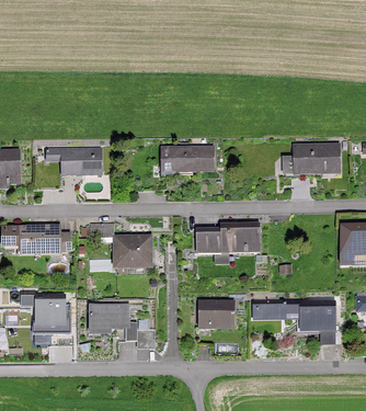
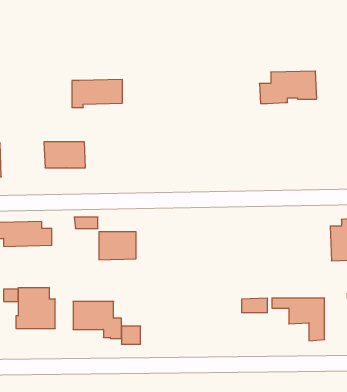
building: [283,145,339,176] -> [259,71,317,104]
building: [162,147,211,174] -> [72,80,122,108]
building: [195,224,259,253] -> none
building: [198,301,233,342] -> none

